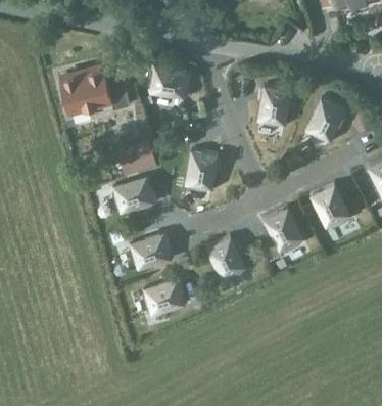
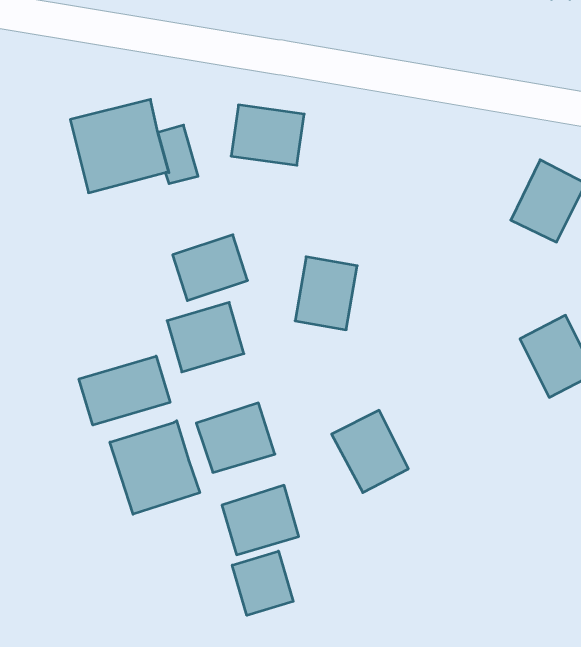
building: [258,85,294,127] -> none
building: none -> [79,356,170,425]
building: [265,207,306,253] -> none
building: none -> [110,421,200,514]
building: none -> [232,551,293,615]

